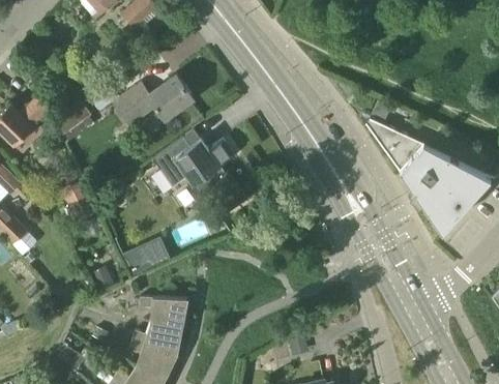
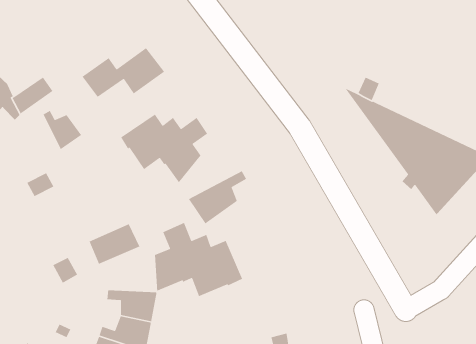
building: none -> [43,110,82,150]
building: none -> [188,170,247,225]
building: none -> [154,222,243,297]

